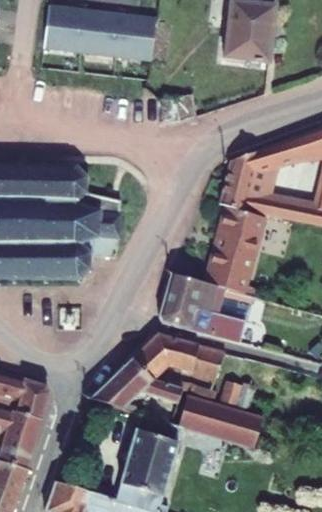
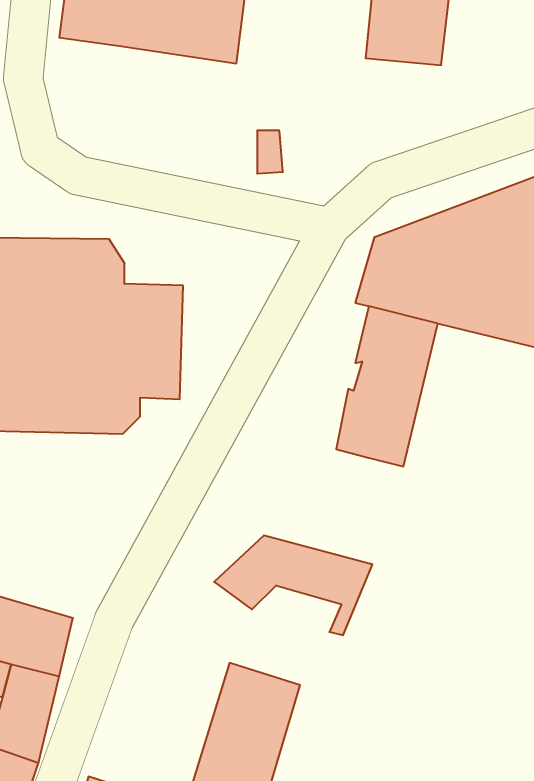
building: [159,277,248,342] -> none
building: [98,362,184,405] -> none
building: [184,394,269,446] -> none

